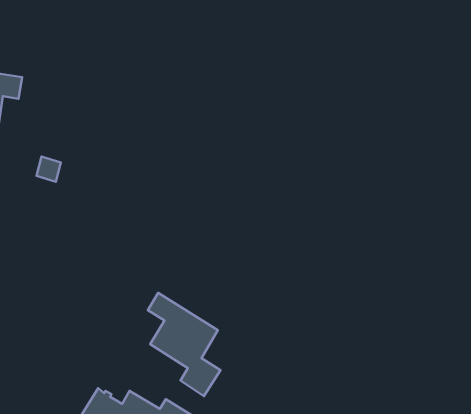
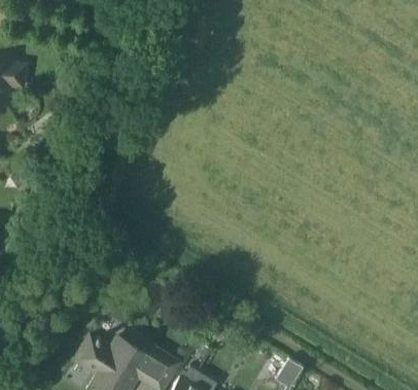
building: [148,293,221,396] -> none

